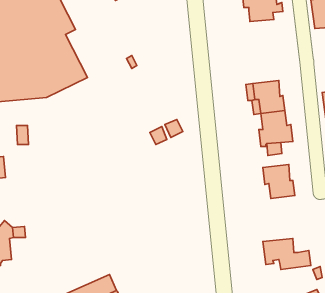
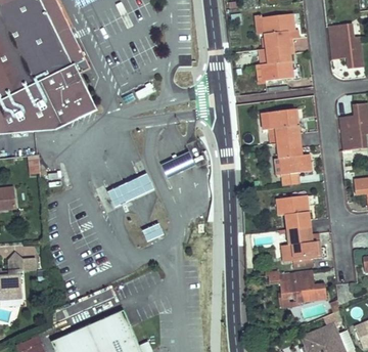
building: none -> [257,47,291,84]
building: none -> [108,171,155,205]
building: none -> [281,227,319,269]

